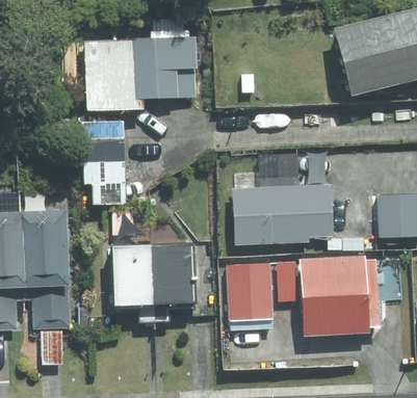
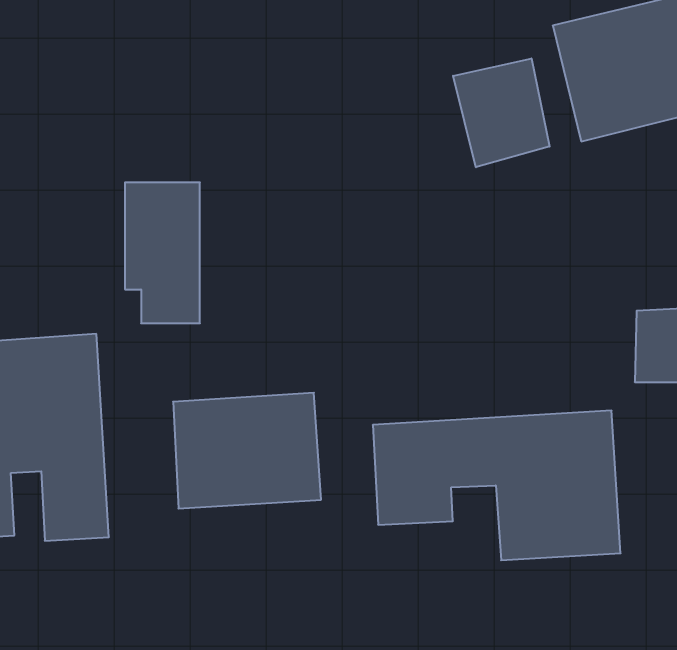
building: [81,34,199,112] -> none
building: none -> [453,58,550,167]
building: [234,183,335,245] -> none

